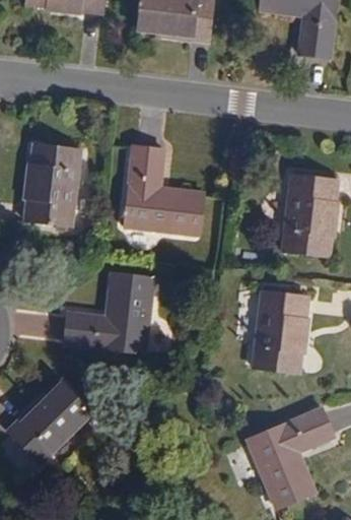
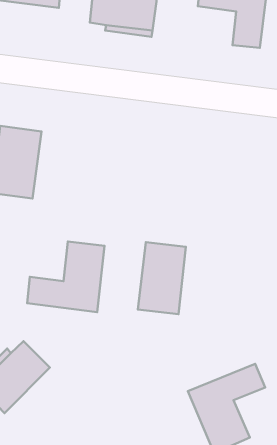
building: [123,146,203,235] -> none
building: [283,174,338,255] -> none
building: [254,291,307,372] -> [138,242,186,314]

